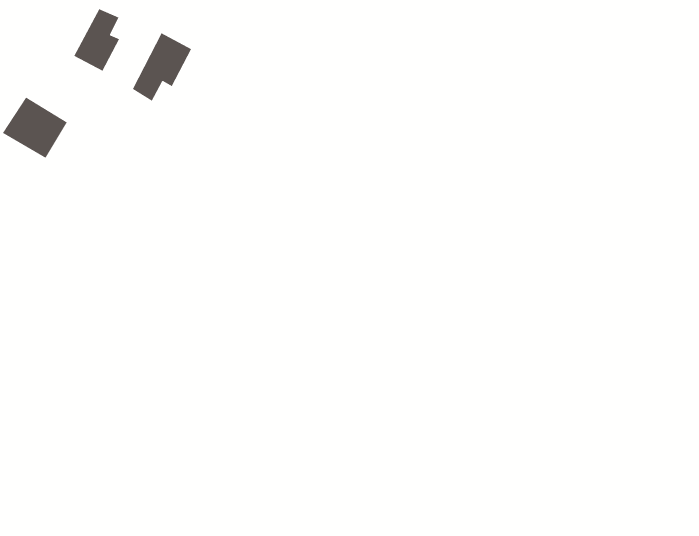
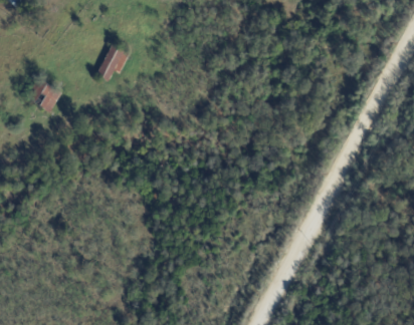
building: [73,8,120,72] -> none

